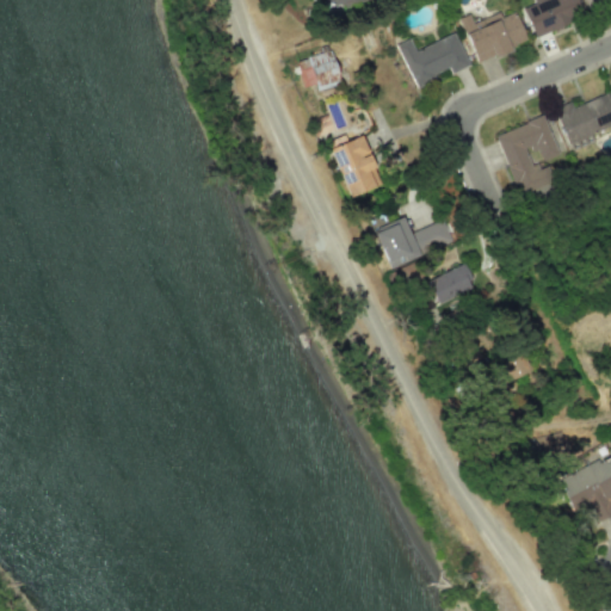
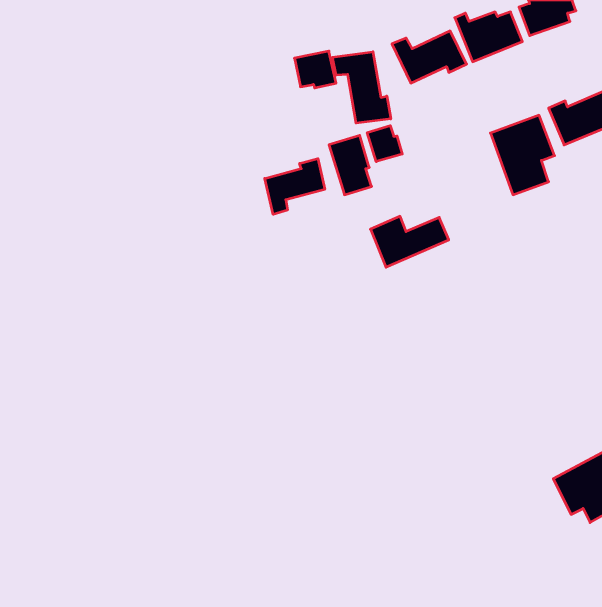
building: none -> [333,52,391,123]
building: none -> [367,126,402,162]
building: none -> [265,159,325,214]
building: [430,263,477,303] -> none

